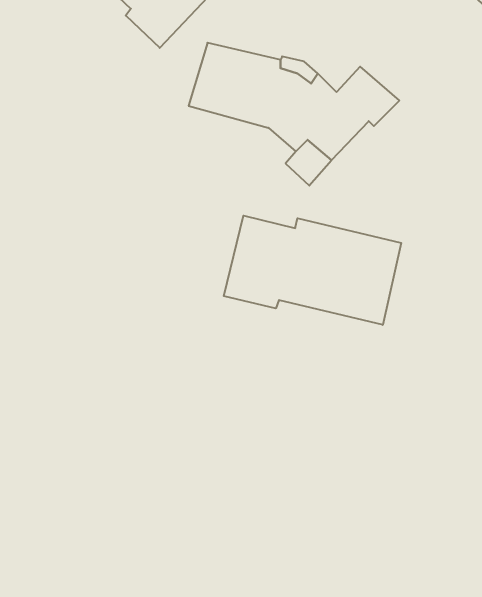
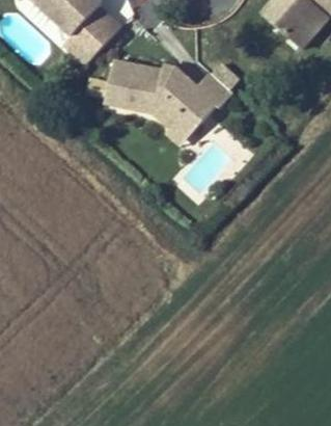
building: [224,216,401,325] -> none

